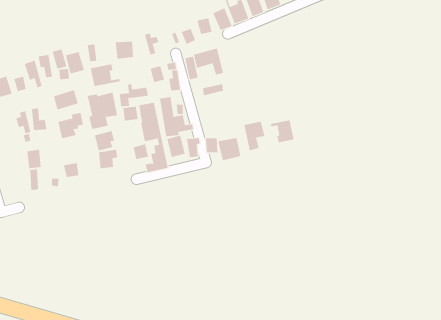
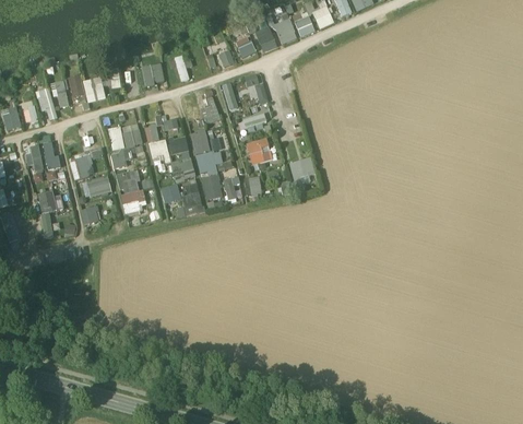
building: [90,64,120,87] -> none
building: [53,89,78,110] -> [81,174,110,198]
building: [270,119,294,143] -> none
building: [218,138,241,161] -> [245,138,272,165]

